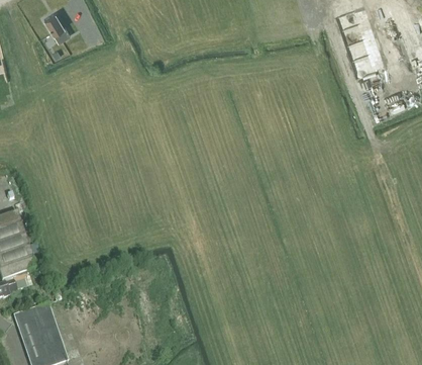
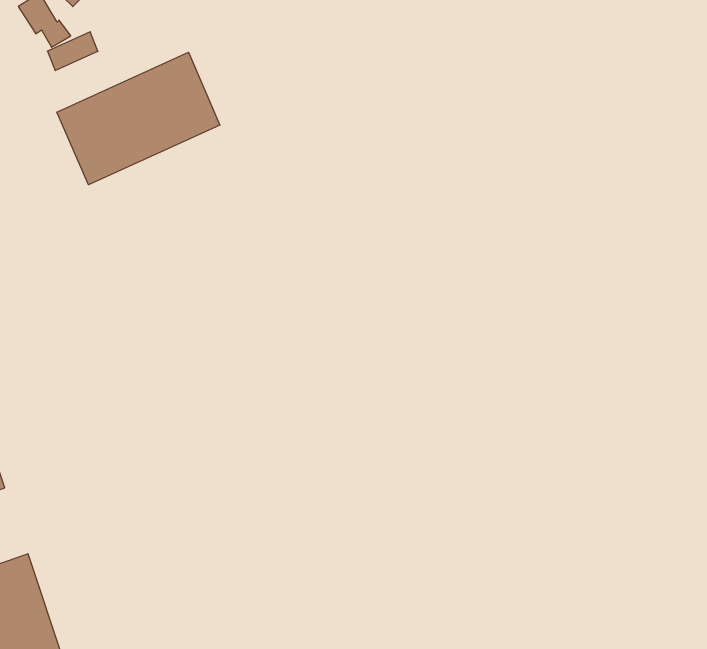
building: none -> [57,52,220,185]

